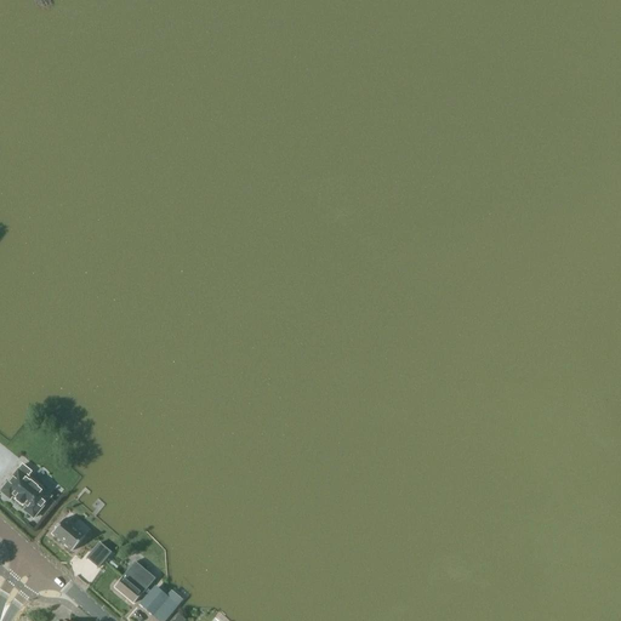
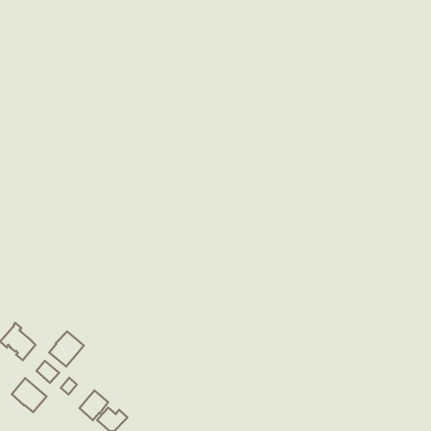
building: none -> [49,331,84,366]
building: none -> [12,378,47,412]

